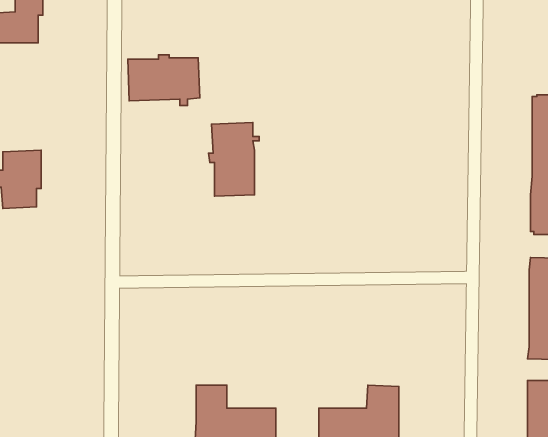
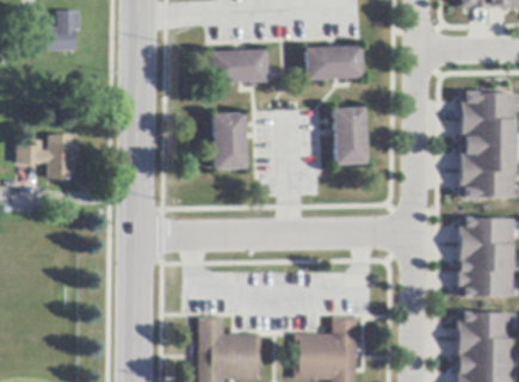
building: none -> [305,44,363,82]
building: [128,55,200,105] -> [211,48,267,87]
building: none -> [328,106,367,165]

